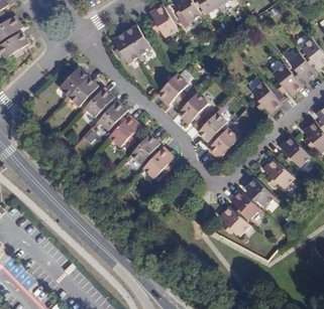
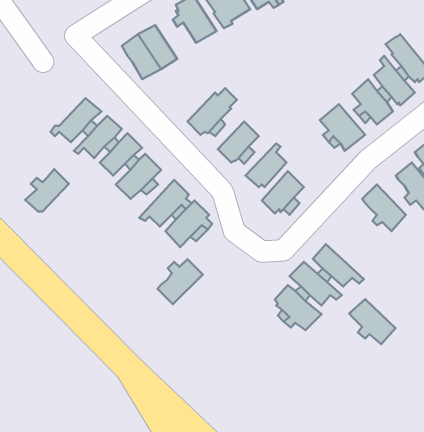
building: [57,65,87,95] -> [25,169,69,211]
building: [261,157,294,188] -> [349,299,396,344]
building: none -> [158,259,203,304]

